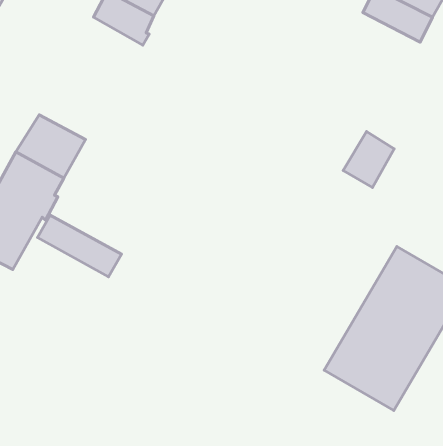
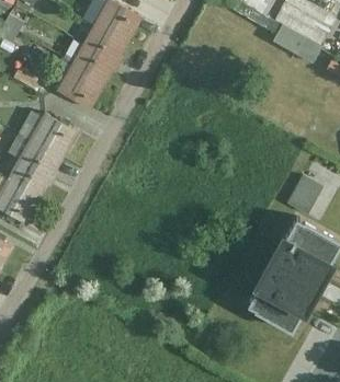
building: none -> [55,44,116,107]
building: [343,132,394,187] -> [286,171,322,210]
building: [37,215,121,277] -> none

